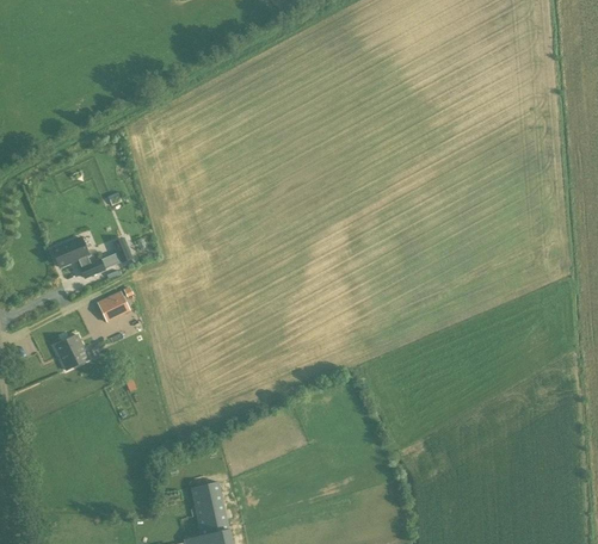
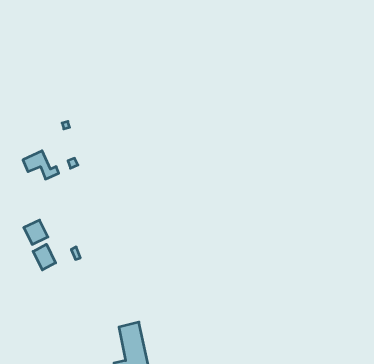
building: [94,291,127,321] -> none
building: none -> [33,244,56,270]

